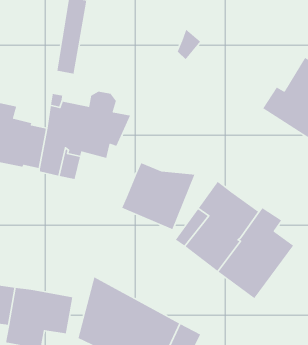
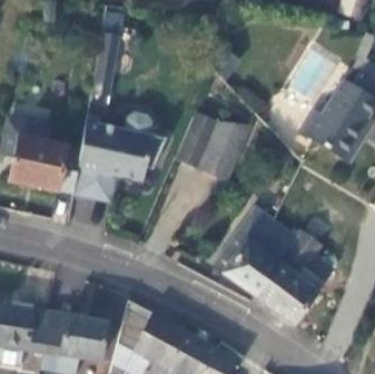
building: [121,162,196,230] -> [176,114,251,183]

